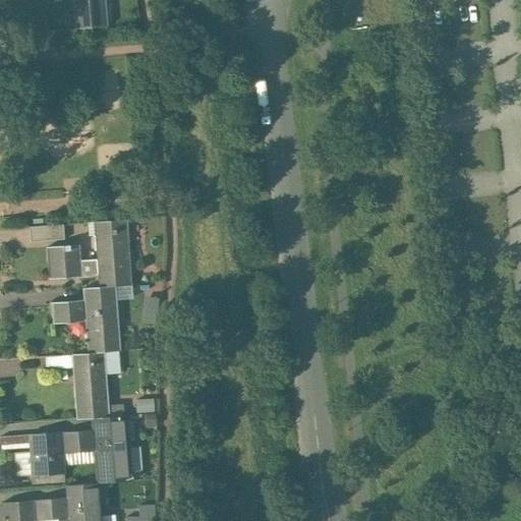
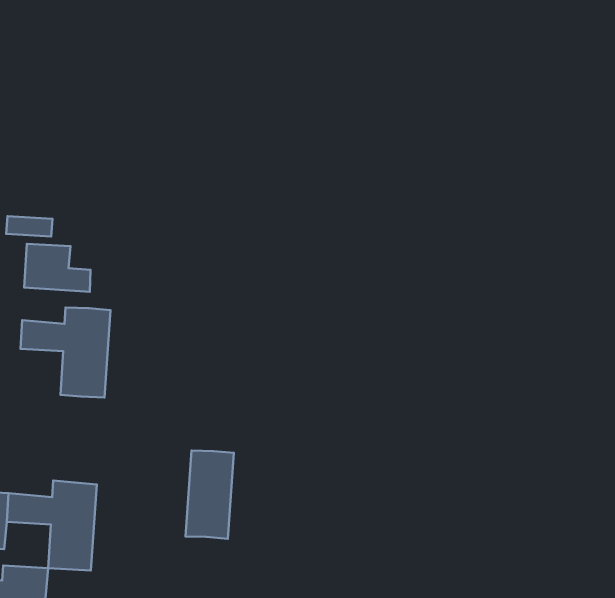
building: [95,220,132,287] -> none
building: [72,353,109,420] -> [186,451,234,539]

